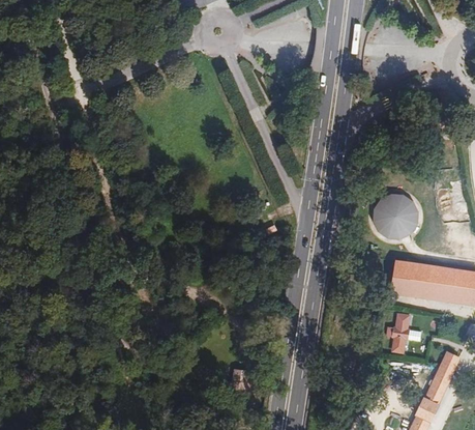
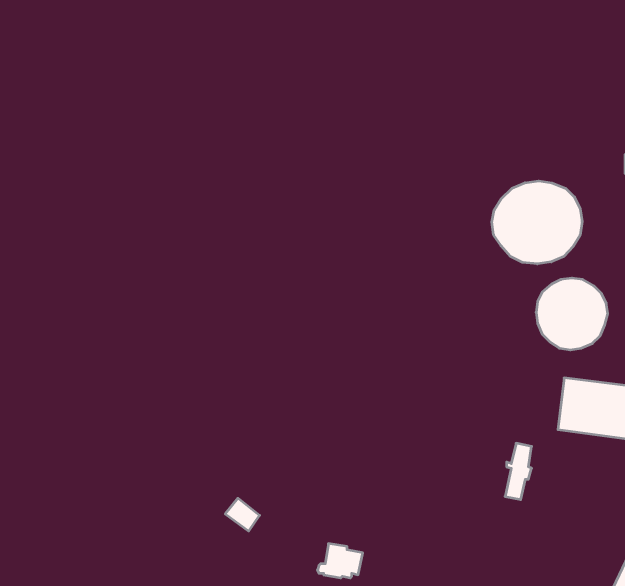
building: none -> [492,181,582,264]
building: [391,315,409,352] -> [505,443,532,500]

